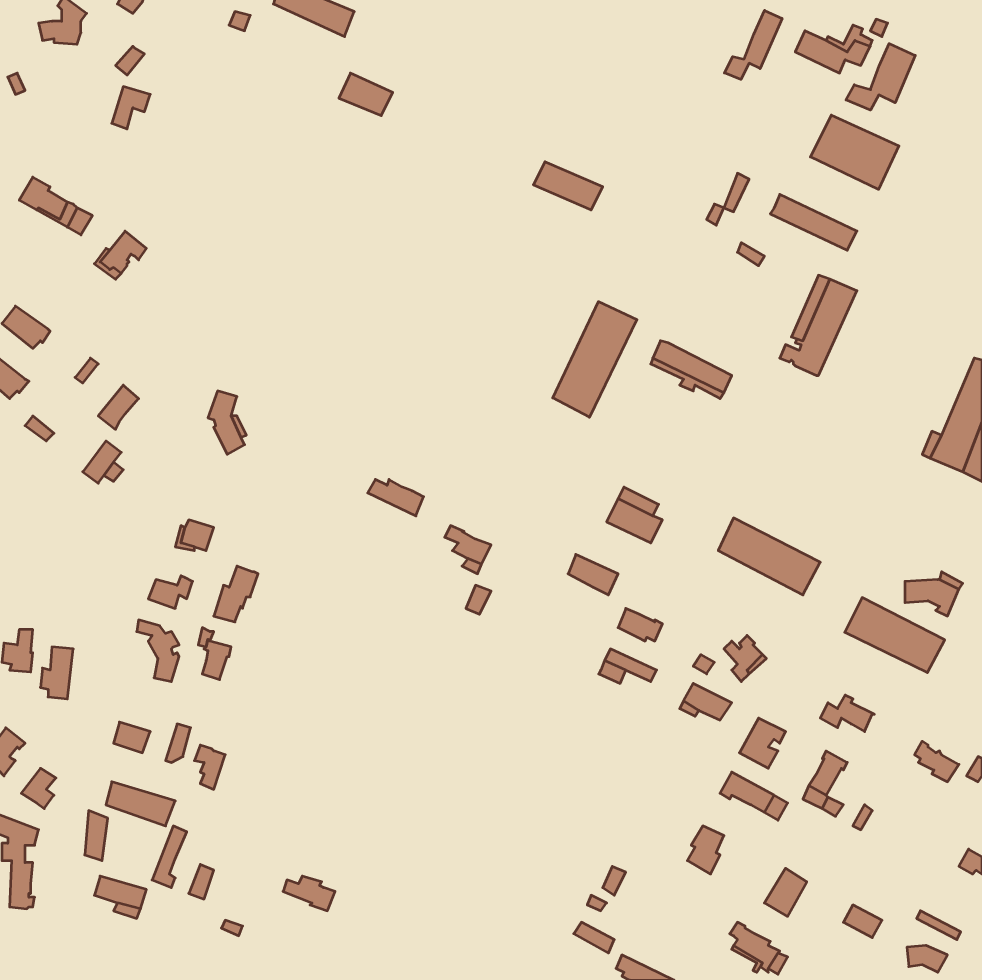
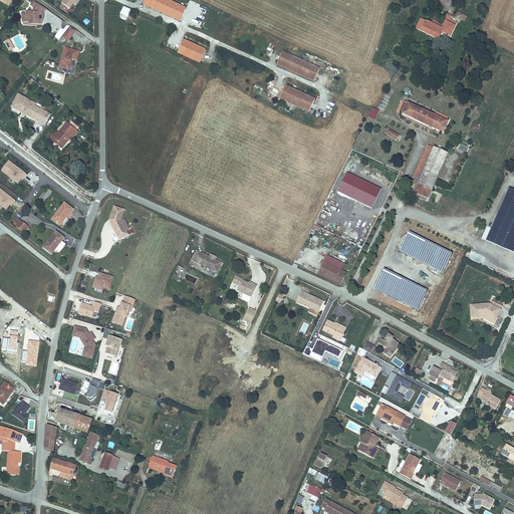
building: [724,10,782,79] -> none
building: [846,44,915,110] -> none
building: none -> [276,50,319,79]
building: [810,115,899,189] -> none
building: [553,302,637,417] -> none
building: [845,598,945,673] -> [400,234,452,273]

